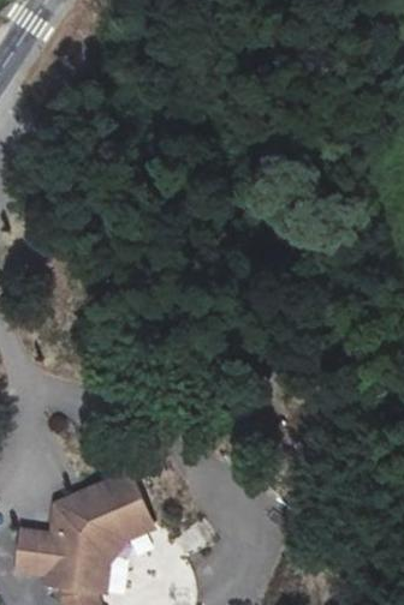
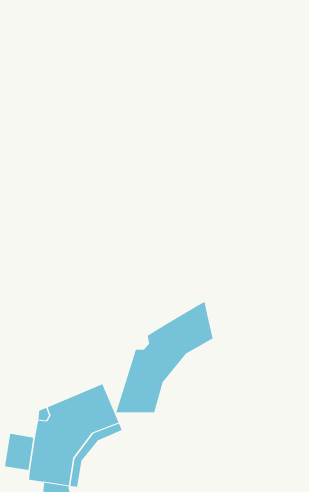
building: none -> [115,301,213,413]

